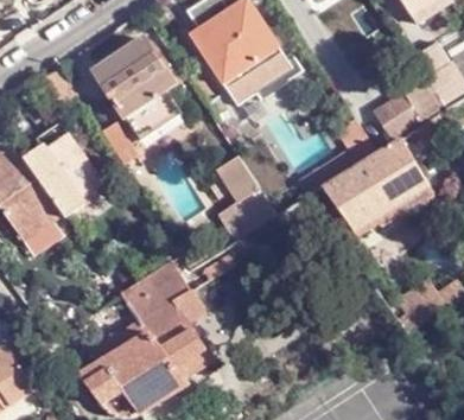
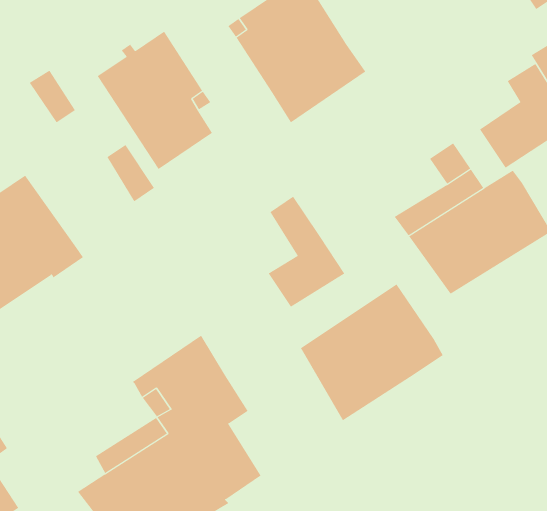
building: [37,122,101,196] -> none
building: none -> [300,284,444,421]

